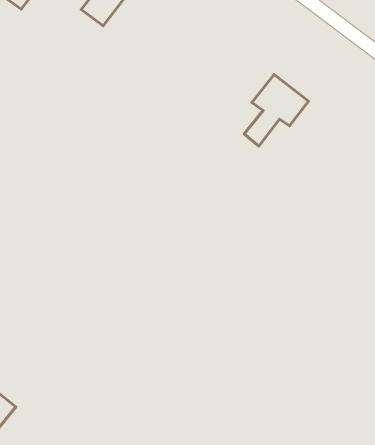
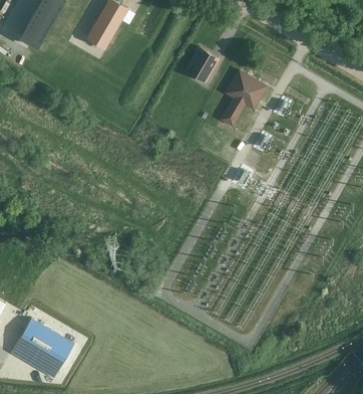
building: none -> [184,48,218,83]

